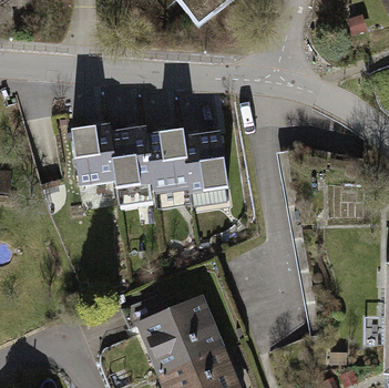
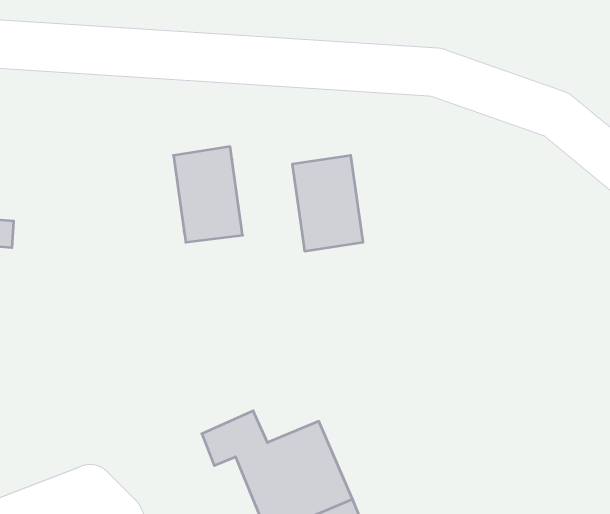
building: [72,127,116,186] -> none
building: [146,132,191,192] -> none

